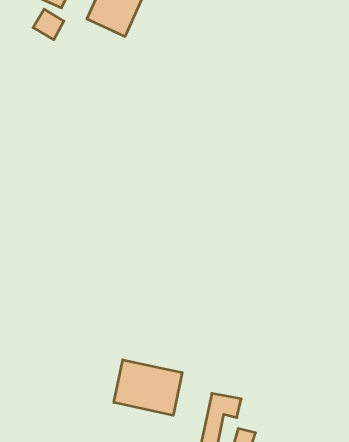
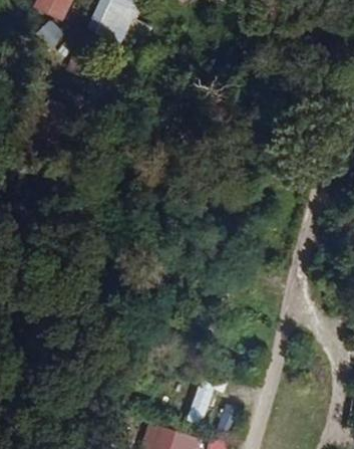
building: [114,360,182,415] -> none

